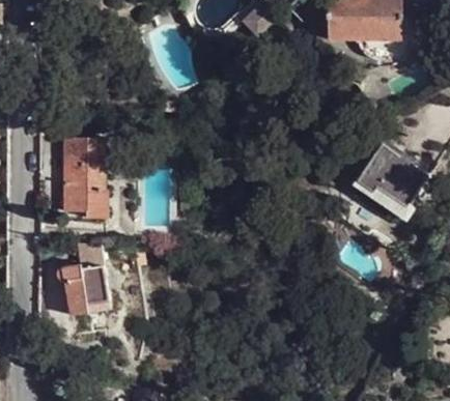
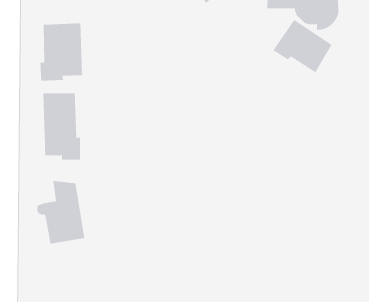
building: none -> [40,22,82,81]
building: [355,143,425,206] -> [272,19,333,73]

